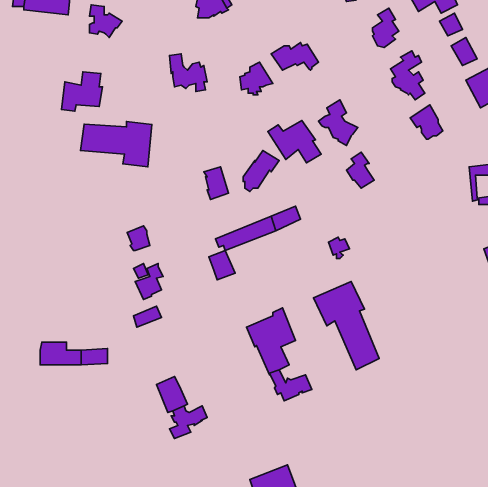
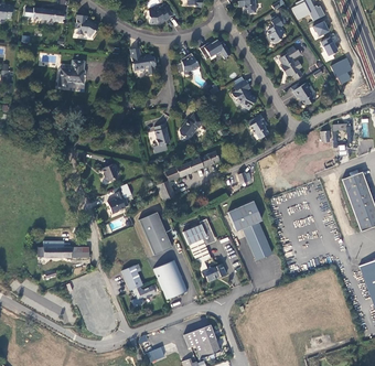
building: [268,120,321,163] -> none
building: [80,121,152,167] -> none
building: none -> [139,212,172,254]
building: none -> [153,259,188,299]

